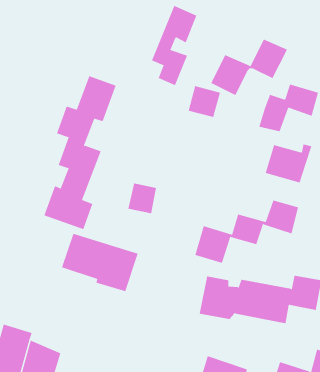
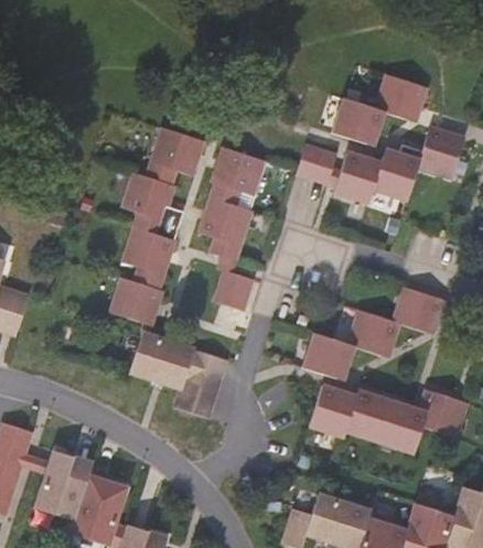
building: [151,5,197,86] -> [202,146,262,251]
building: [265,144,312,183] -> [334,164,396,216]

